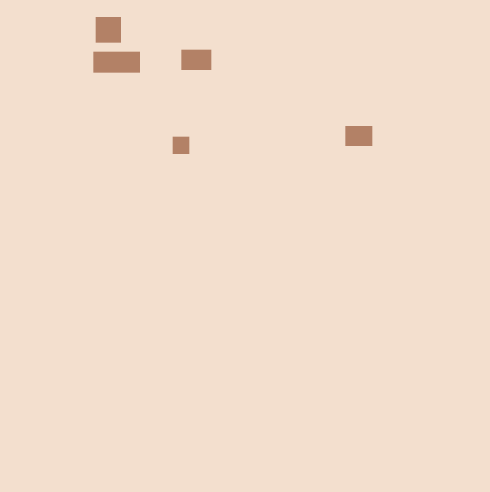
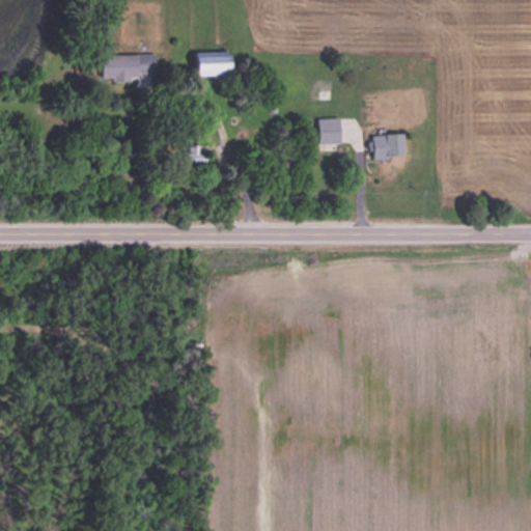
building: [95,16,122,43] -> none
building: none -> [320,119,341,145]

